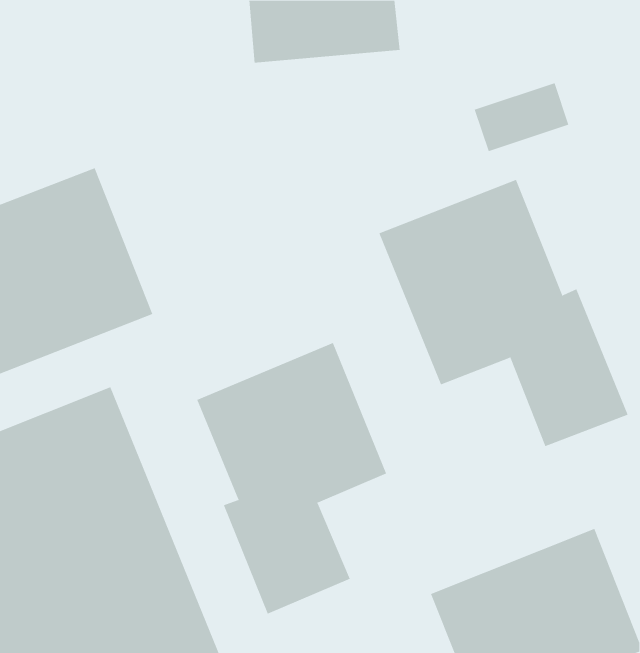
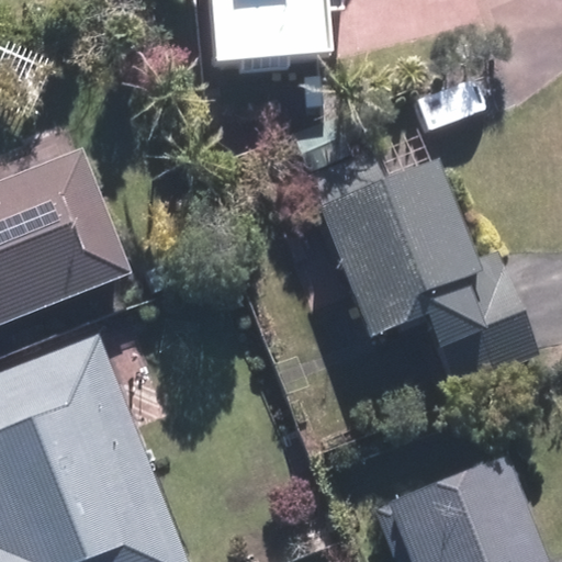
building: [196,342,387,615] -> none

